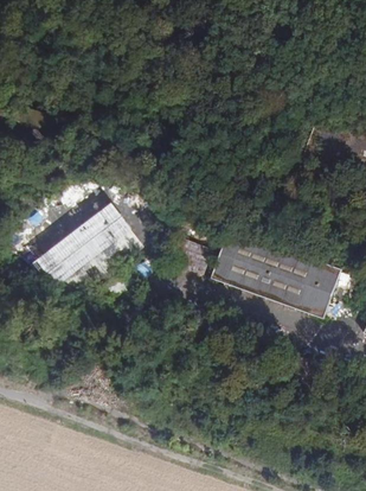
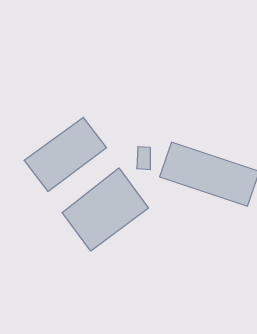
building: none -> [62,168,148,251]

